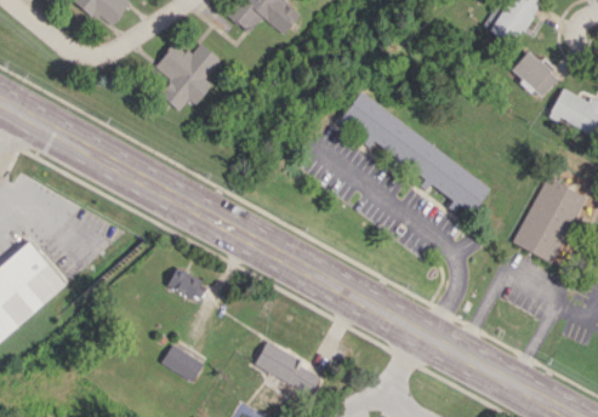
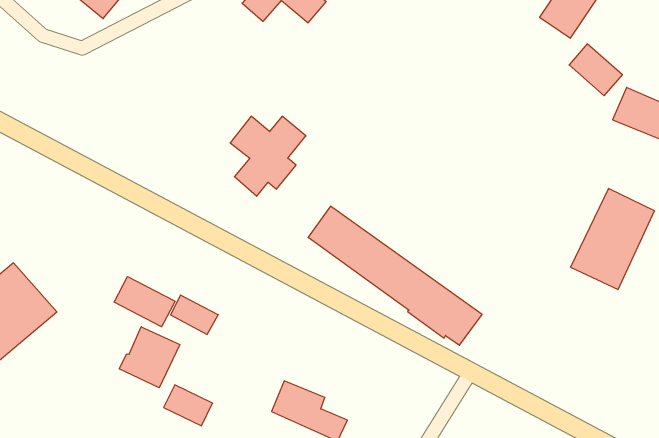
building: [156,42,222,112] -> [230,116,306,196]
building: [341,93,491,213] -> [308,206,482,345]
building: none -> [114,277,175,327]
building: none -> [119,327,180,388]

